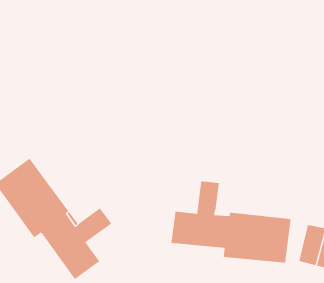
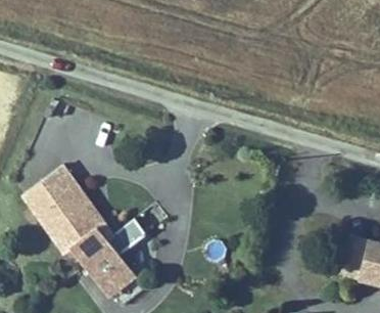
building: [171,180,291,263] -> none

